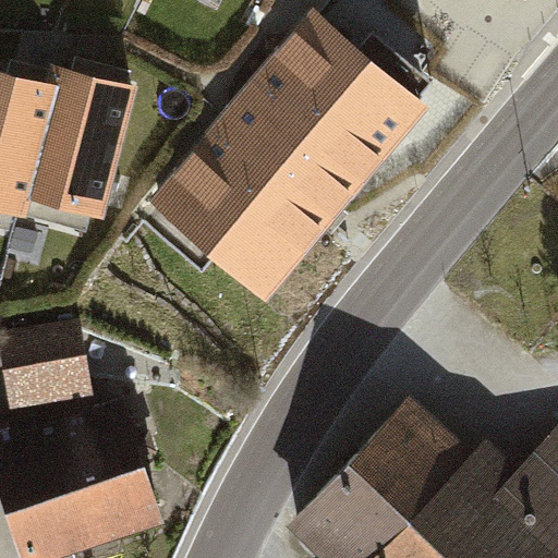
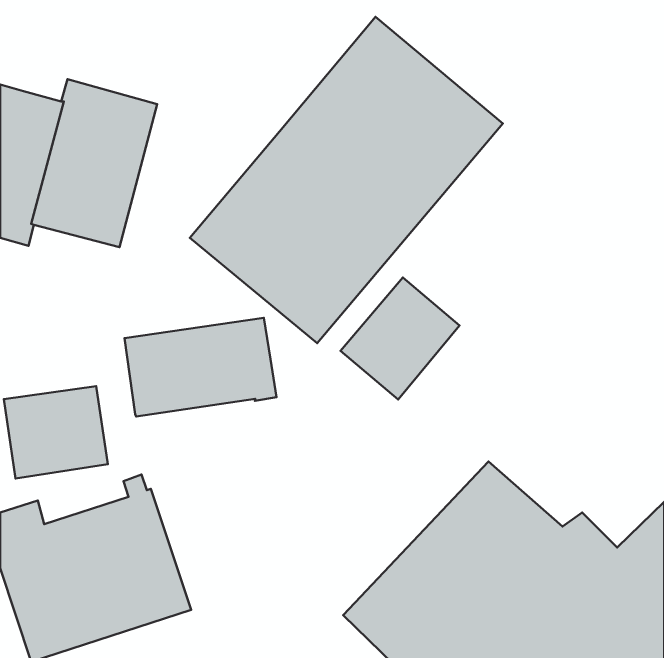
building: none -> [340,278,460,399]
building: none -> [125,318,277,417]

